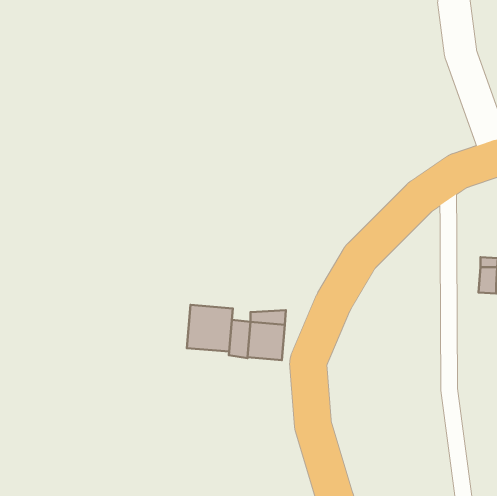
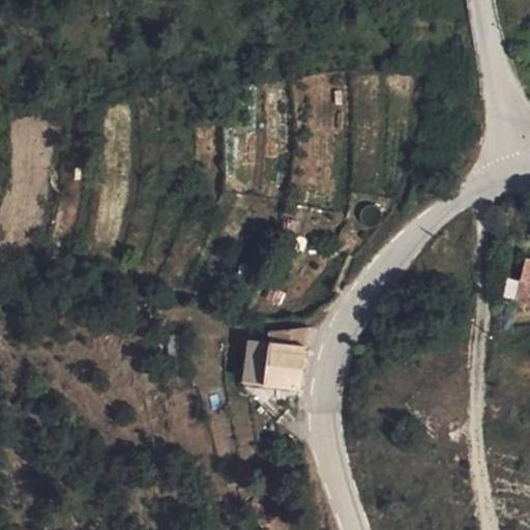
building: [187,305,233,351] -> none

